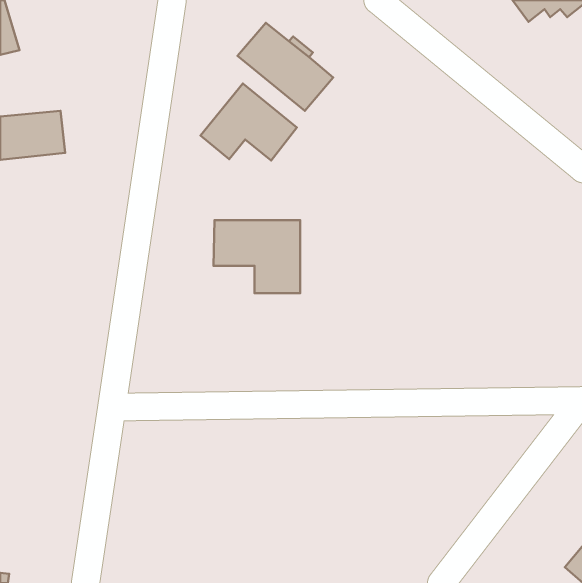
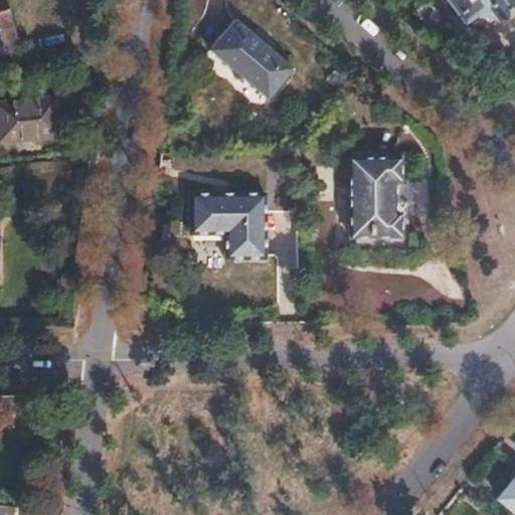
building: [200,83,297,161] -> none
building: none -> [351,157,401,238]

